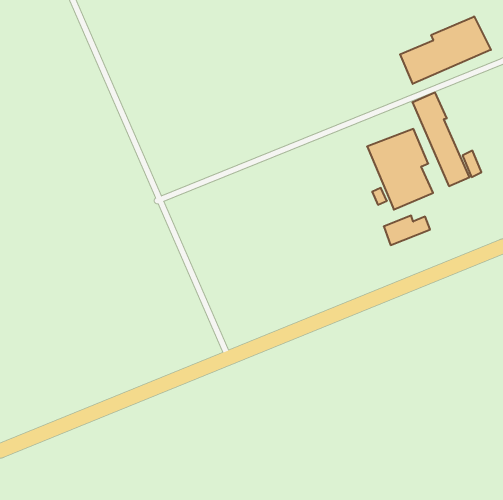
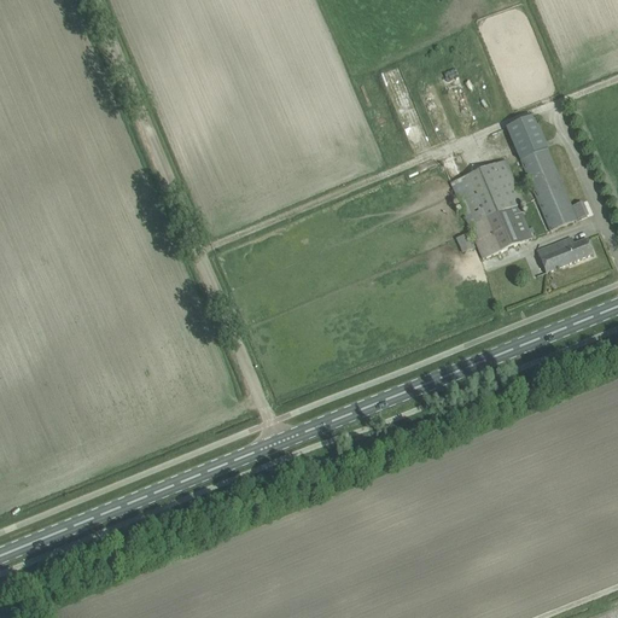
building: [400,16,491,84] -> none
building: [384,216,430,245] -> [537,235,594,272]

